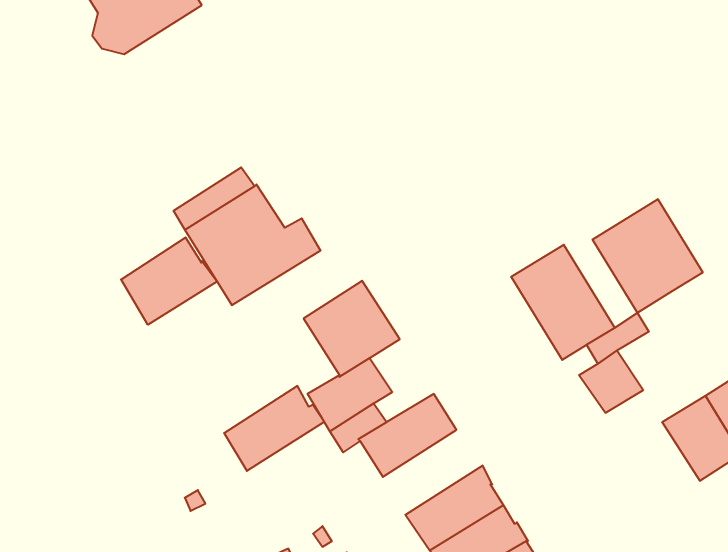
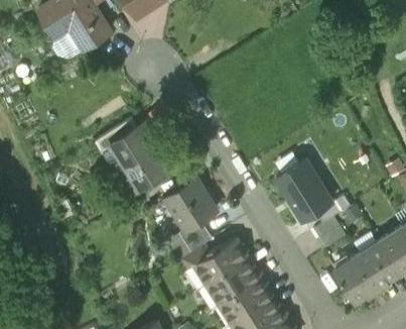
building: [593,199,703,313] -> none
building: [121,237,217,325] -> none
building: [224,386,324,471] -> [208,259,261,305]
building: none -> [334,255,377,301]

